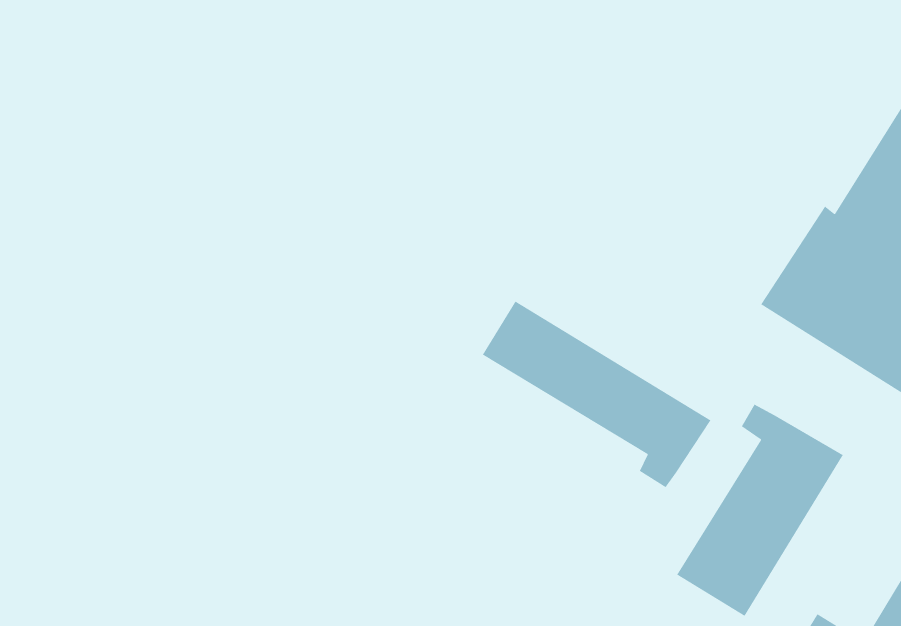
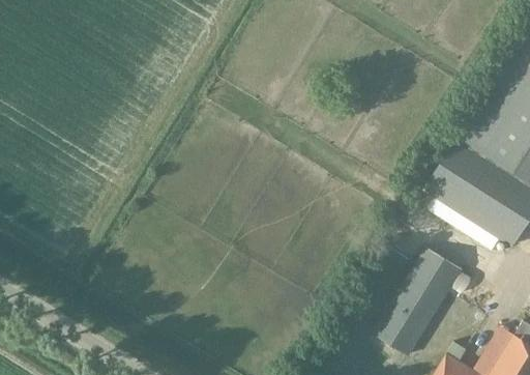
building: [482,300,711,488] -> none

